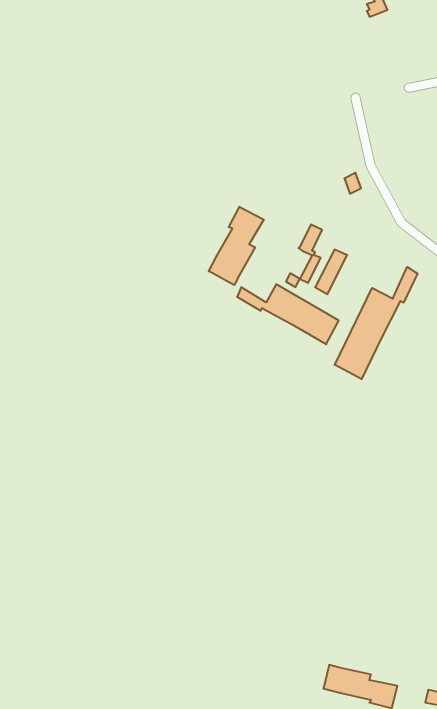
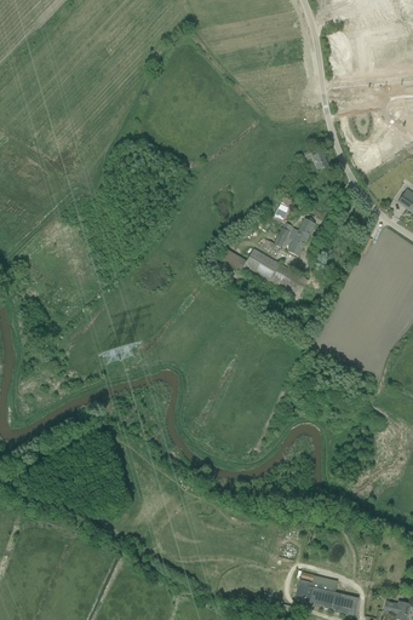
building: [209,207,264,285] -> none
building: [335,267,417,379] -> none

